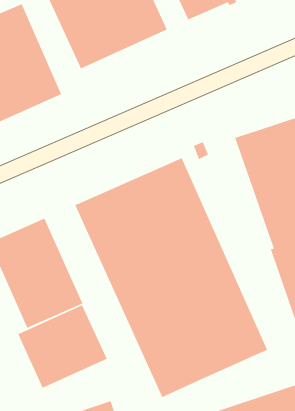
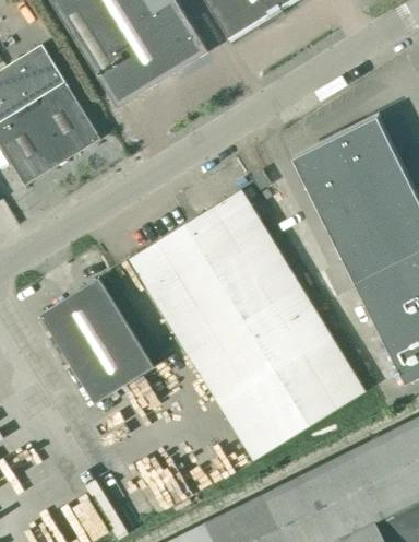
building: [17,304,108,389] -> none

